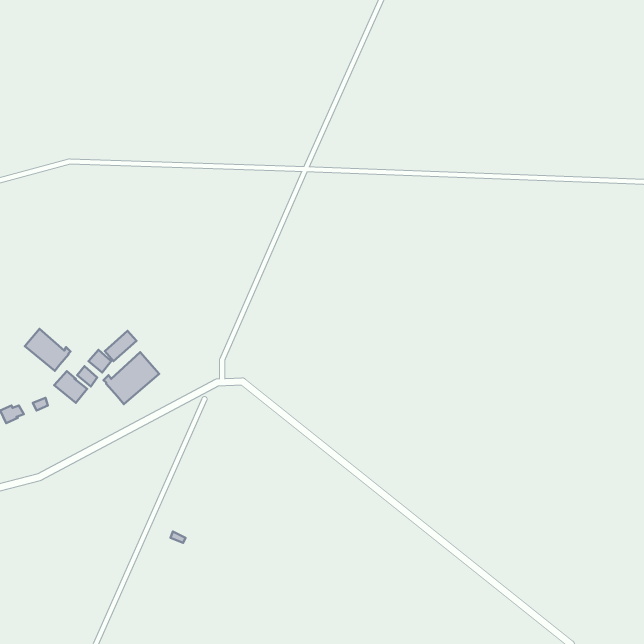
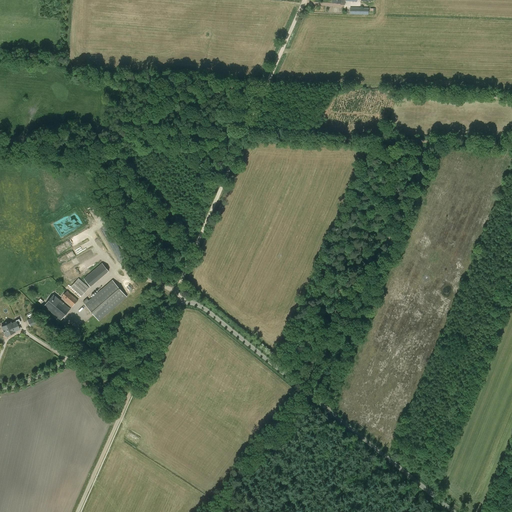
building: [25,329,71,371] -> none

